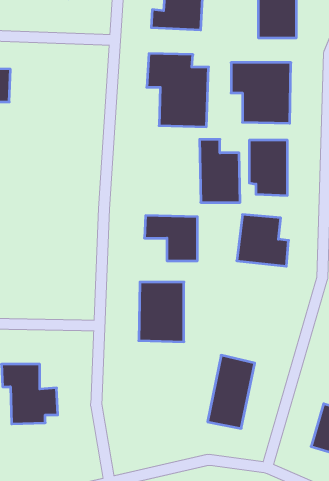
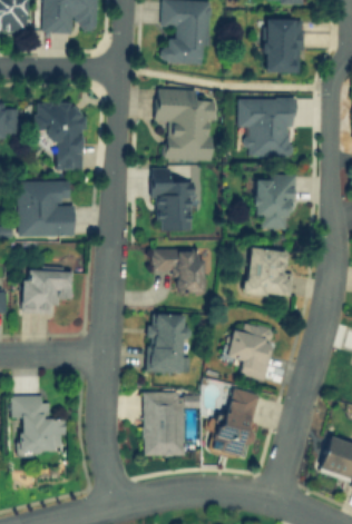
building: none -> [35,101,84,169]
building: [200,139,240,202] -> [153,168,193,230]
building: none -> [18,180,75,236]
building: none -> [22,269,72,313]
building: none -> [222,322,277,380]
building: none -> [143,390,199,455]

